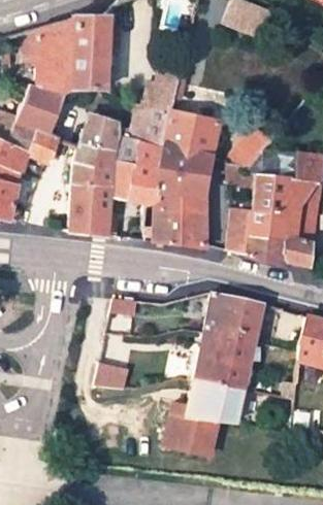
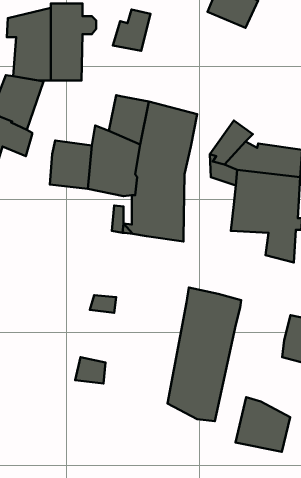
building: [142,70,180,110] -> [113,10,151,51]
building: [78,109,119,154] -> none
building: [71,192,110,236] -> none
building: [229,209,288,266] -> none
building: [164,402,218,456] -> [236,397,290,452]

